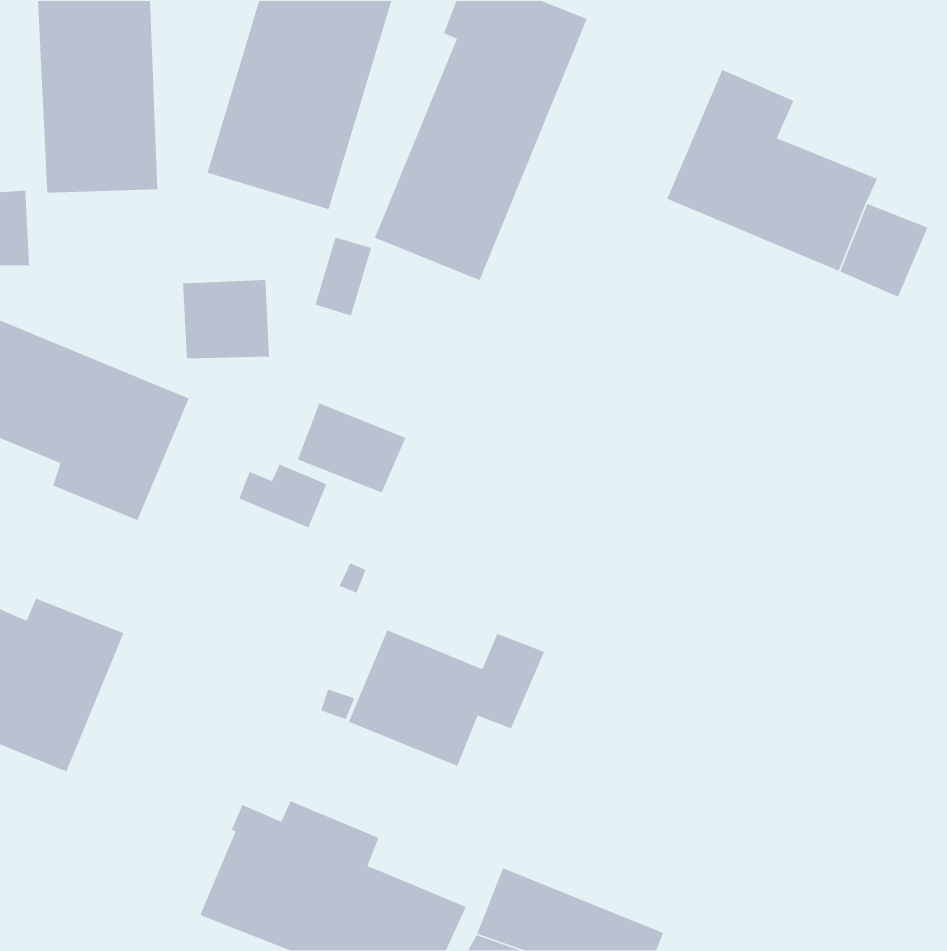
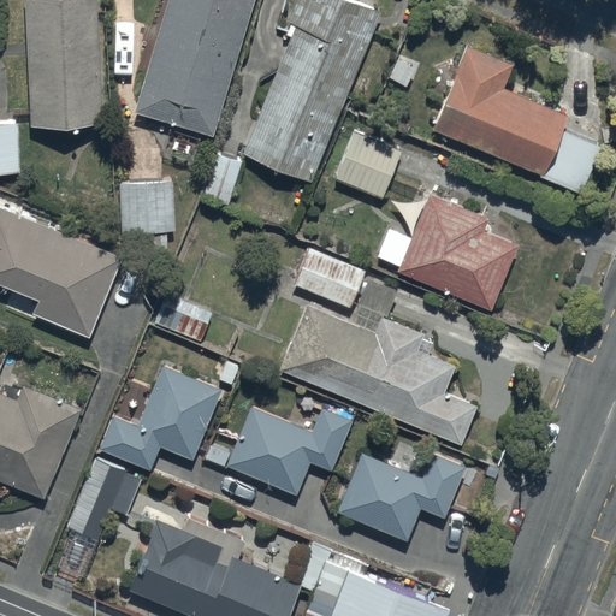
building: none -> [334,131,401,197]
building: none -> [395,190,514,304]
building: [297,402,406,493] -> [294,248,365,307]
building: none -> [279,304,476,445]
building: none -> [99,366,221,470]
building: none -> [336,454,466,543]
building: none -> [66,458,141,540]

